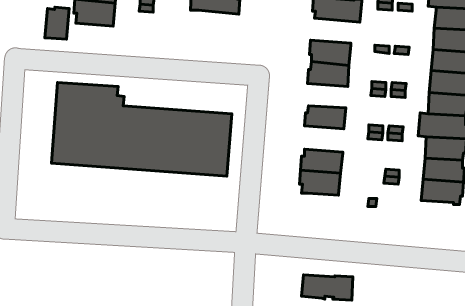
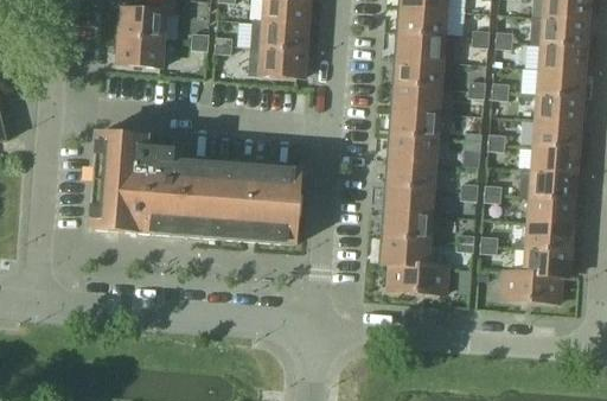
building: [45,7,69,39] -> none
building: none -> [258,49,308,78]
building: none -> [392,58,451,89]
building: none -> [388,135,436,164]
building: none -> [383,185,441,217]
building: none -> [500,272,561,303]
building: [302,275,353,300] -> [386,265,447,294]

